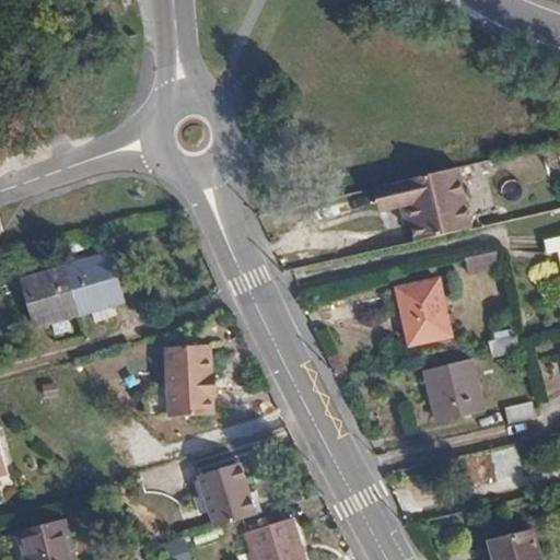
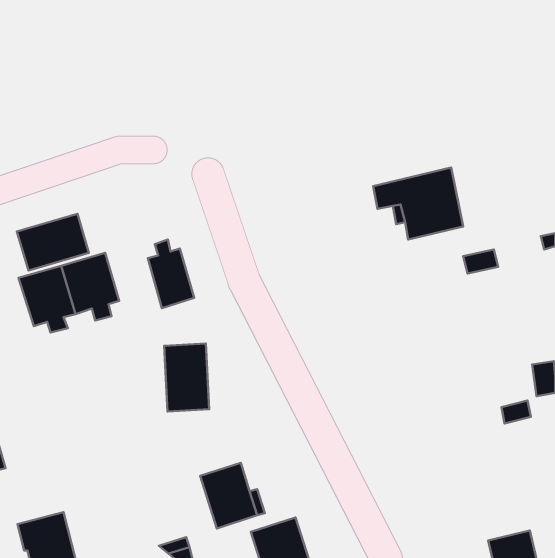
building: none -> [17,214,89,271]
building: none -> [148,240,194,308]
building: [395,280,446,343] -> none
building: [423,359,479,421] -> none

